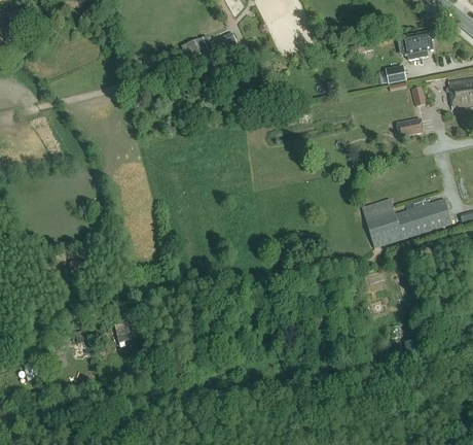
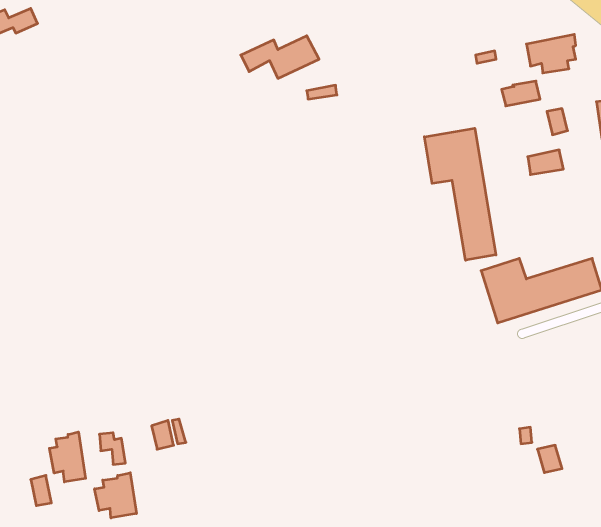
building: none -> [424,128,496,260]
building: none -> [49,432,86,482]
building: none -> [95,473,136,518]

